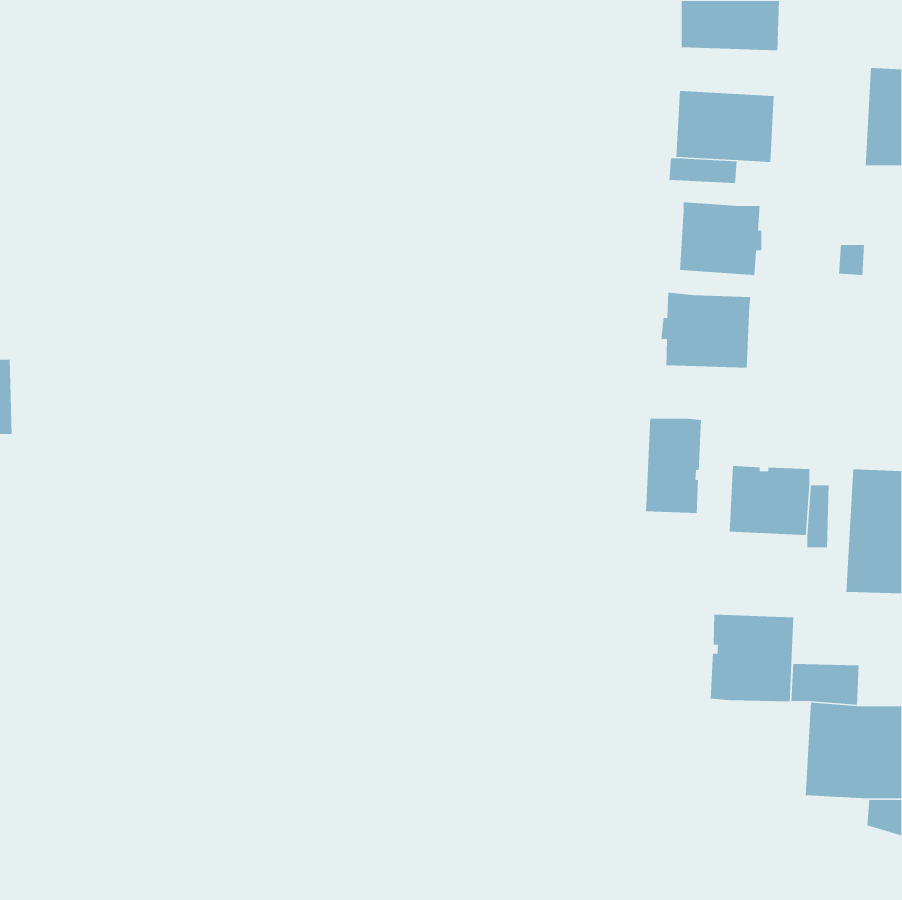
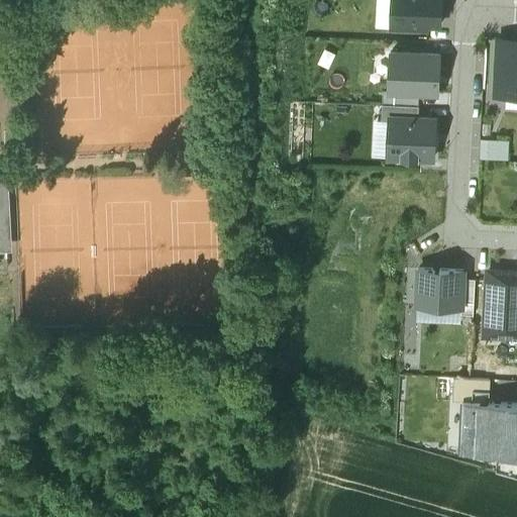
building: none -> [381,105,420,122]
building: [660,292,751,369] -> none
building: [645,418,702,514] -> none
building: [710,614,794,702] -> none

